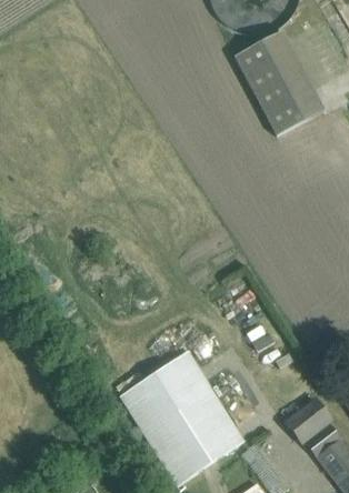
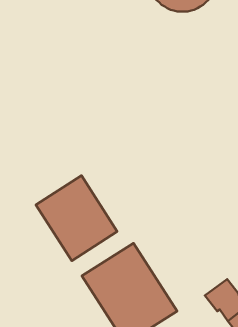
building: [233,31,323,134] -> none
building: none -> [36,175,117,261]

